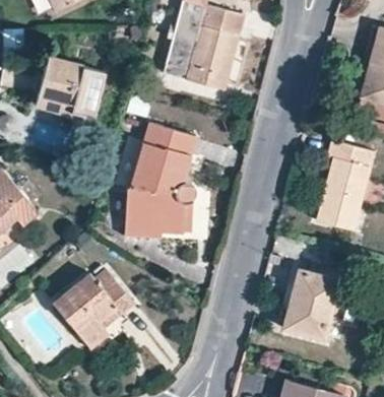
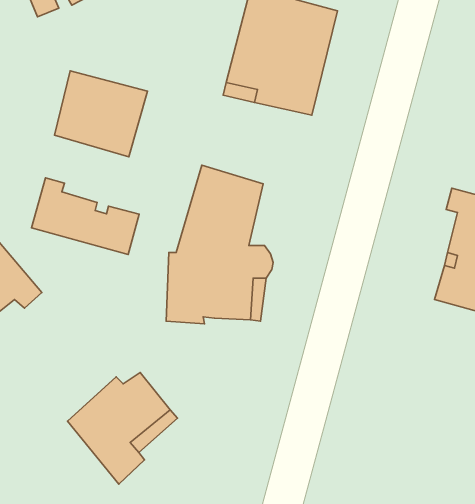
building: none -> [31,178,139,254]
building: [281,268,337,336] -> none

